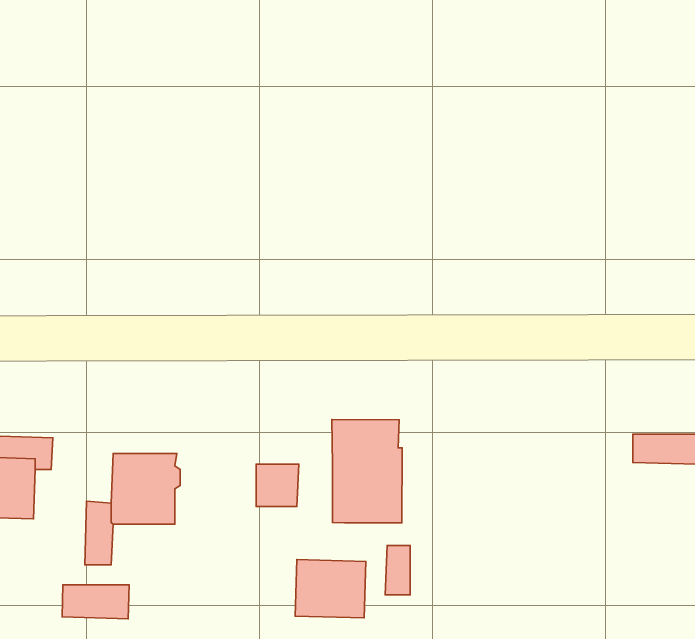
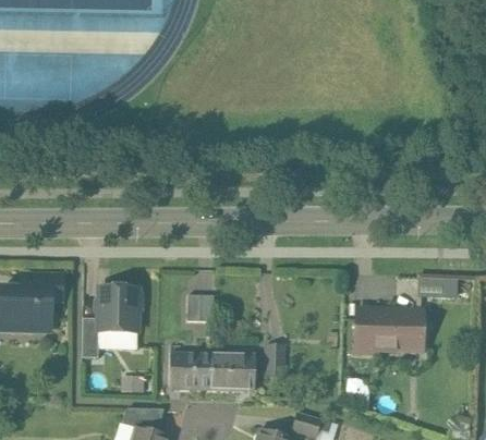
building: [332,419,402,523] -> none
building: none -> [355,310,423,353]
building: none -> [169,353,212,389]
building: [62,585,129,619] -> none

